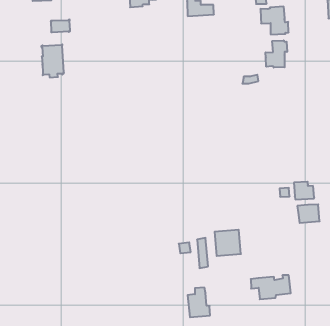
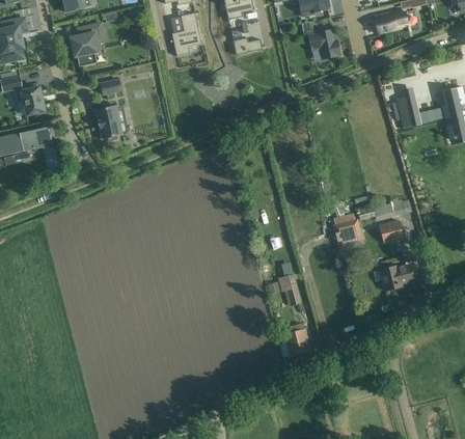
building: [266,40,287,68] -> none
building: [215,230,241,256] -> [333,219,363,249]
building: [251,275,291,299] -> [374,262,416,291]

